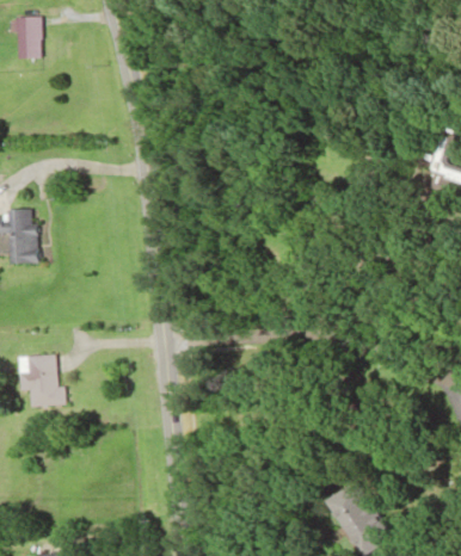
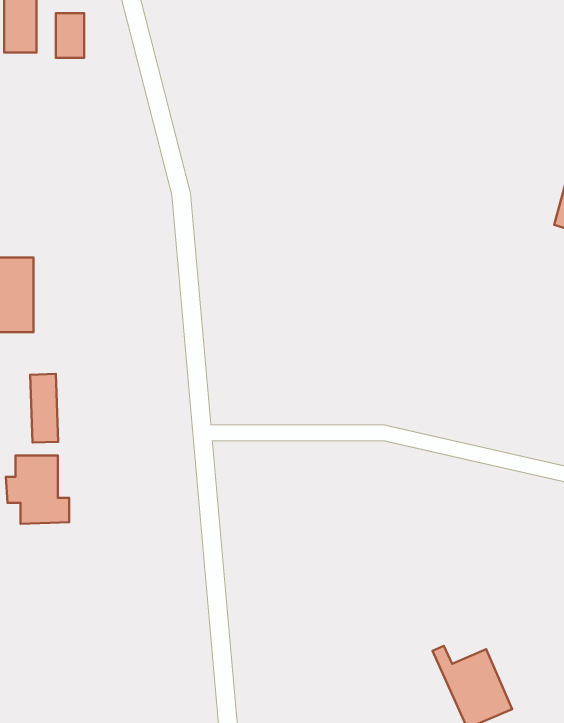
building: none -> [56,13,84,58]
building: none -> [30,374,58,443]

